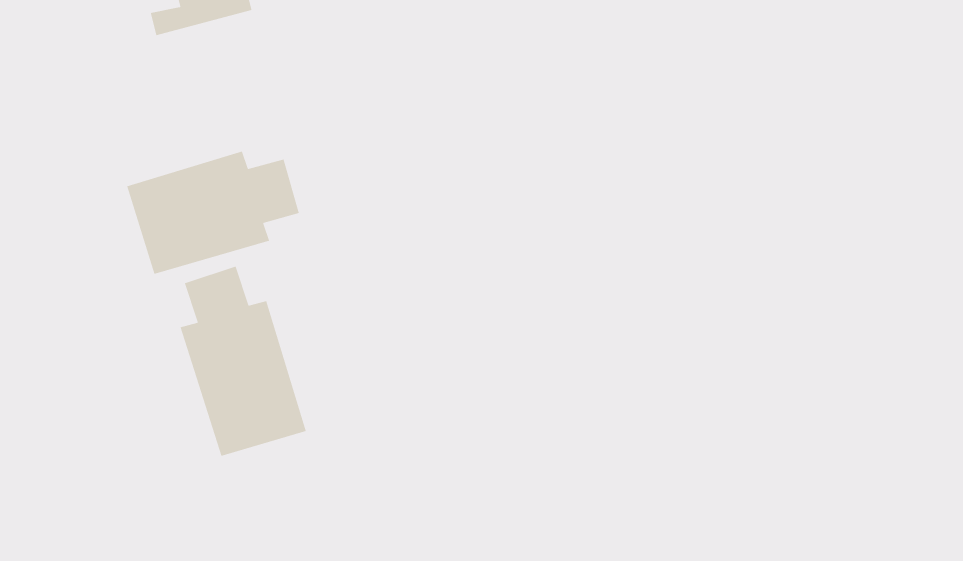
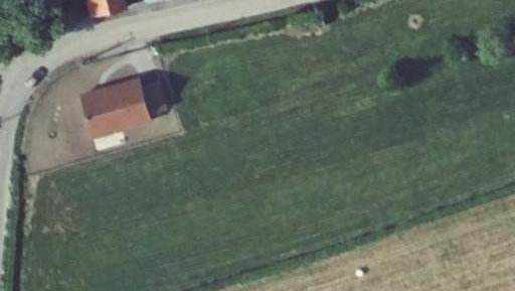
building: [179,265,307,457] -> none

